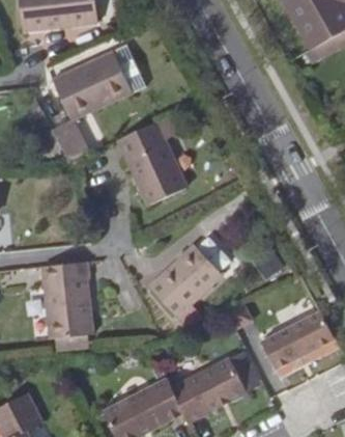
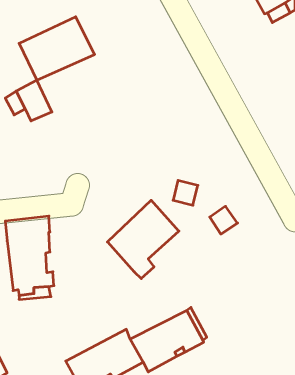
building: [116,120,184,206] -> none
building: [264,310,336,368] -> none

